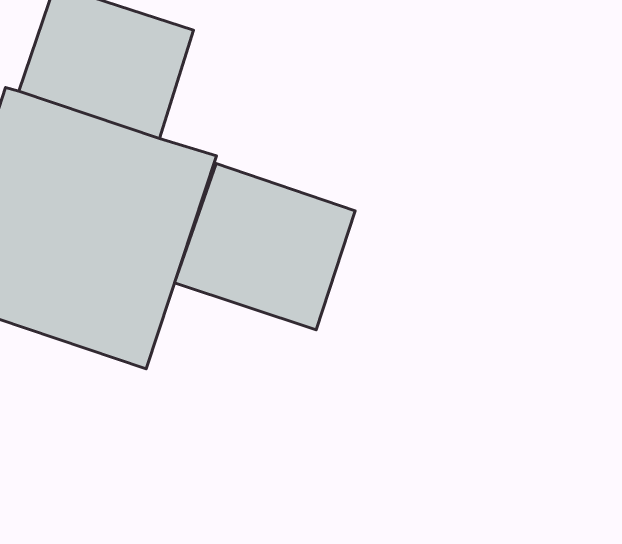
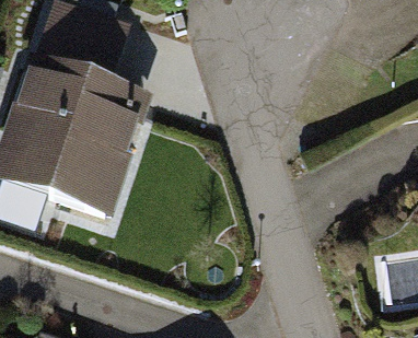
building: [174,163,355,330] -> none

